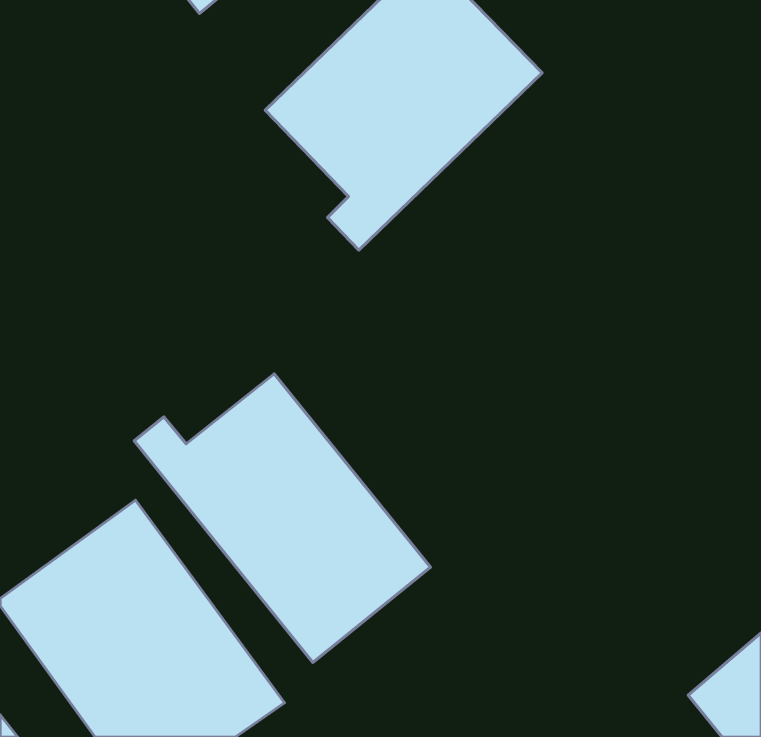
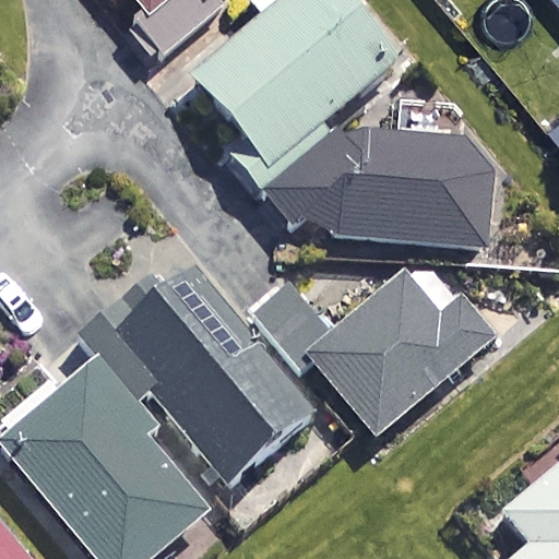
building: none -> [293,139,489,245]
building: none -> [309,278,490,438]

